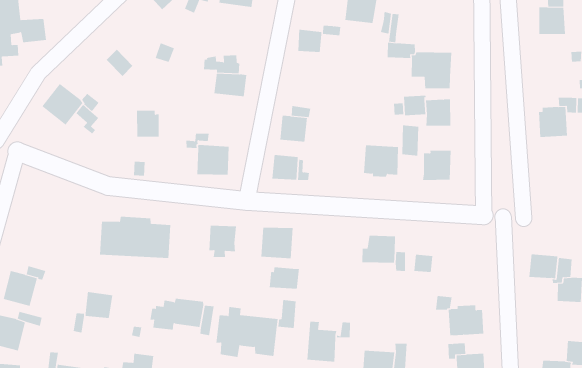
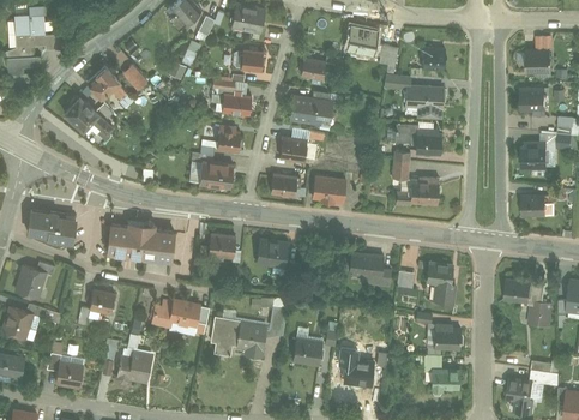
building: none -> [422,43,444,71]
building: none -> [231,48,264,72]
building: none -> [519,84,544,115]
building: none -> [86,64,120,100]
building: none -> [289,92,332,125]
building: [136,110,160,137] -> [216,124,239,150]
building: [363,145,399,177] -> [310,174,345,205]
building: none -> [523,192,548,216]
building: none -> [24,208,74,242]
building: none -> [427,259,458,304]
building: [269,267,300,290] -> none

